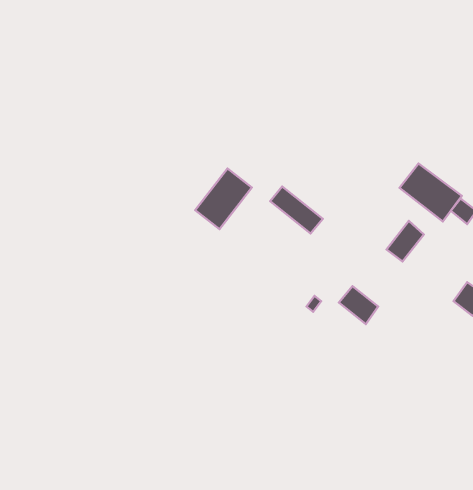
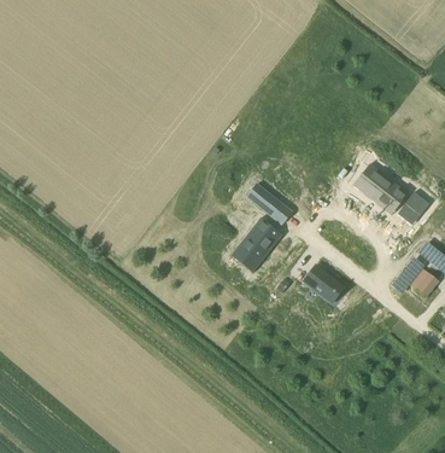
building: [195,168,252,229] -> [233,219,283,273]
building: [387,221,424,261] -> none

